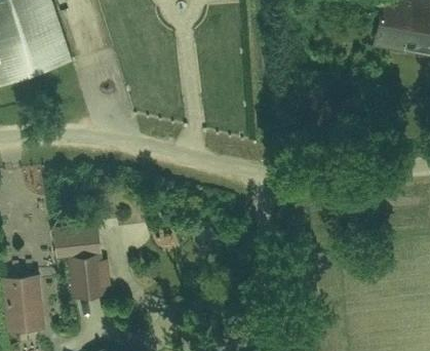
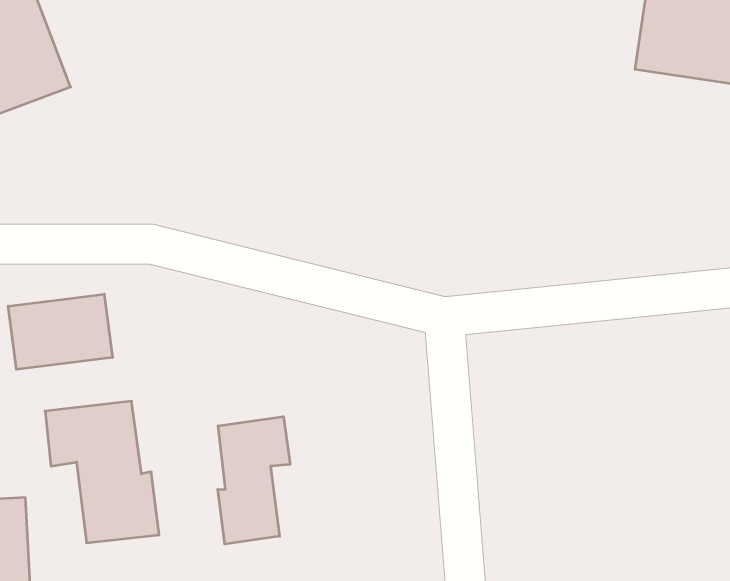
building: none -> [8,294,112,369]
building: none -> [218,417,290,544]

